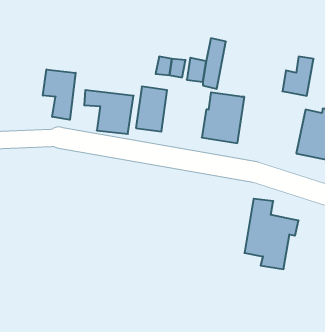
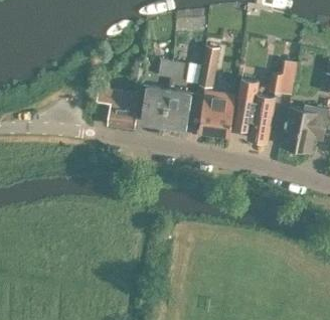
building: [43,69,76,120] -> none
building: none -> [163,90,190,129]
building: [244,199,299,269] -> [232,81,280,142]

